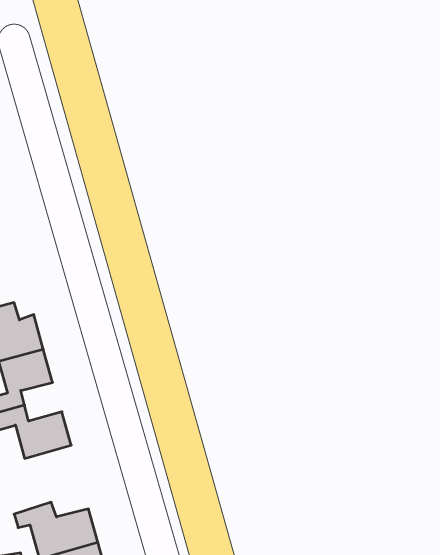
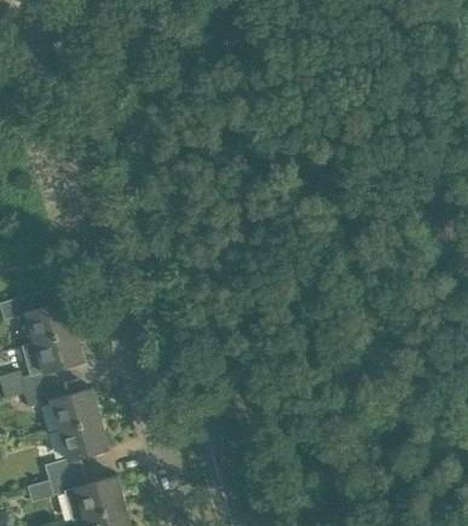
building: none -> [46,418,110,481]

